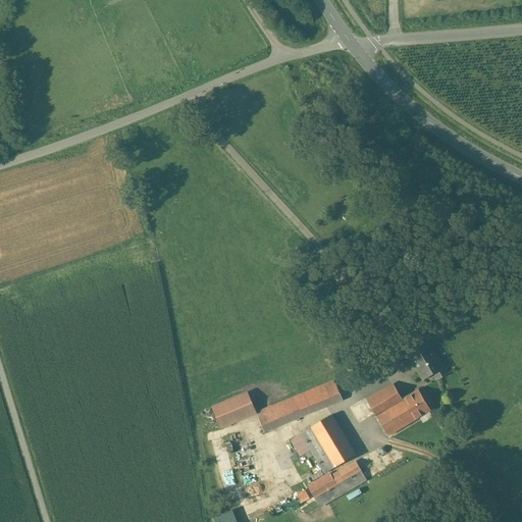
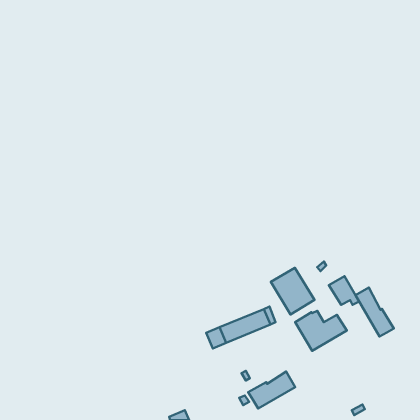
building: none -> [355,287,394,336]
building: [212,394,256,427] -> none
building: [301,415,355,473] -> [271,268,314,315]

